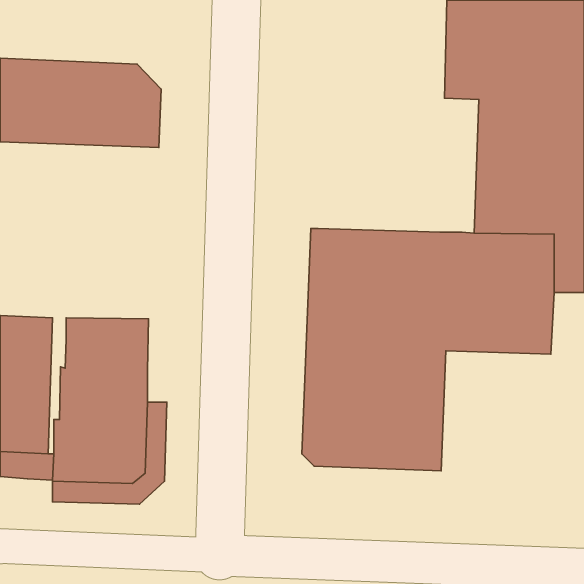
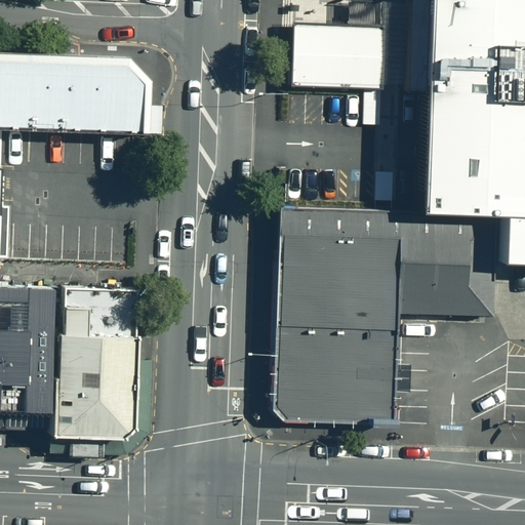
building: none -> [292,25,382,92]

